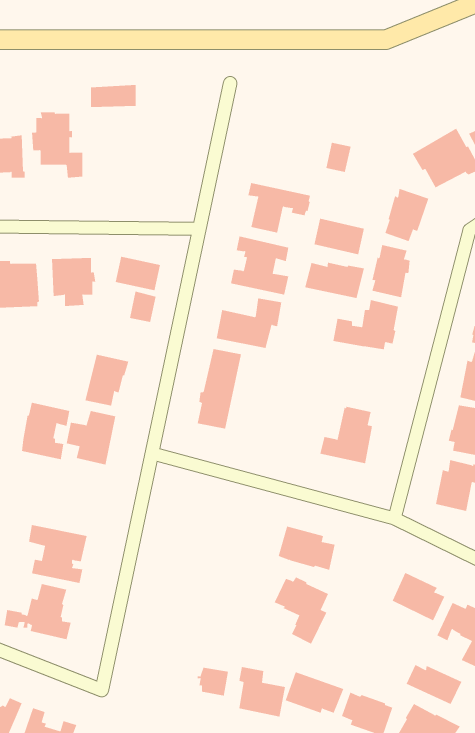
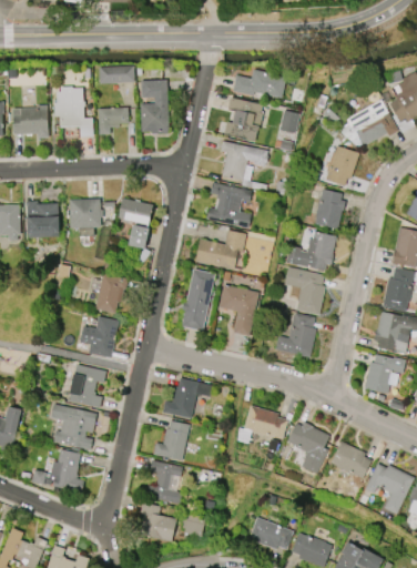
building: none -> [233,69,286,98]
building: none -> [140,79,169,134]
building: none -> [224,98,263,141]
building: none -> [98,108,129,134]
building: [314,218,365,255] -> none
building: [304,262,365,299] -> none
building: none -> [295,271,325,315]
building: none -> [218,284,258,336]
building: [21,402,70,460] -> [69,364,106,408]
building: none -> [163,377,212,418]
building: none -> [153,420,190,460]
building: [274,577,329,644] -> [287,422,329,474]
building: none -> [146,460,183,504]
building: [406,664,462,705] -> none
building: [238,667,286,717] -> [140,503,176,541]

